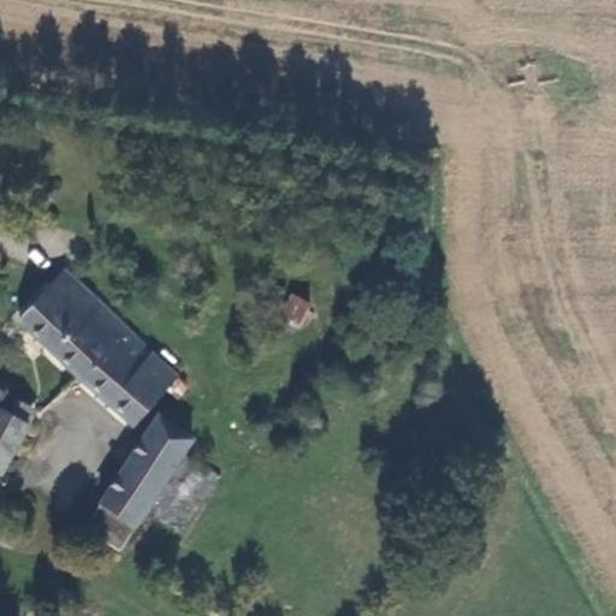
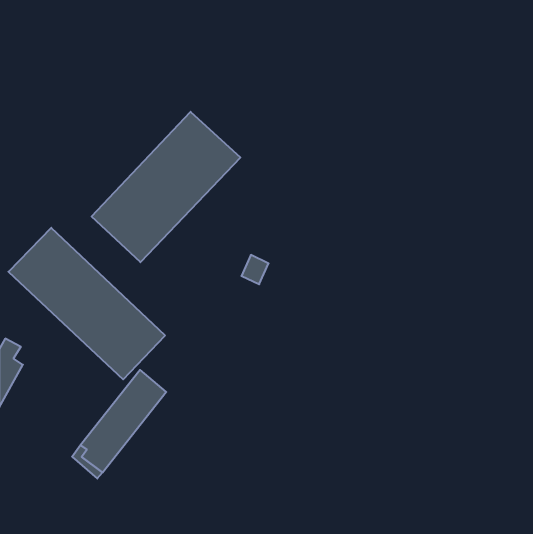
building: none -> [92,112,240,262]

